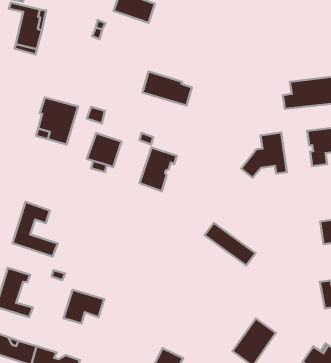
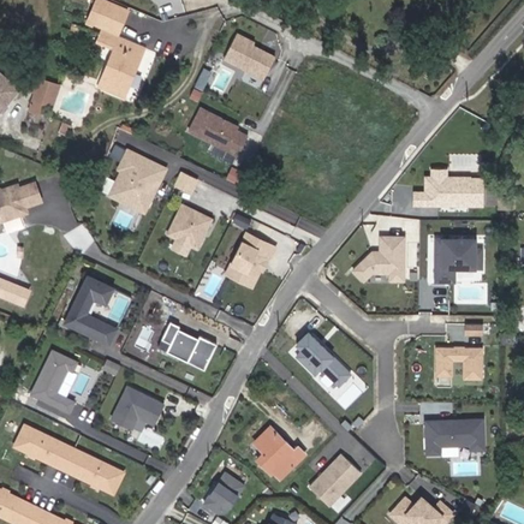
building: [142,72,192,105] -> [187,109,248,156]
building: none -> [157,323,215,370]
building: none -> [254,427,305,481]

